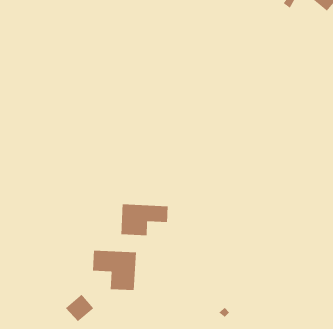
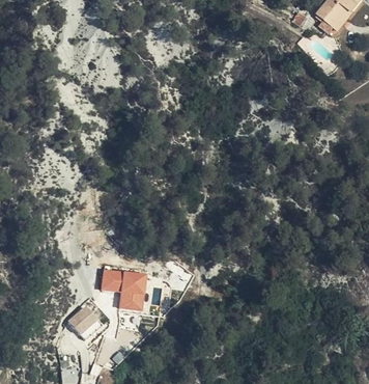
building: [121,204,168,236] -> none

